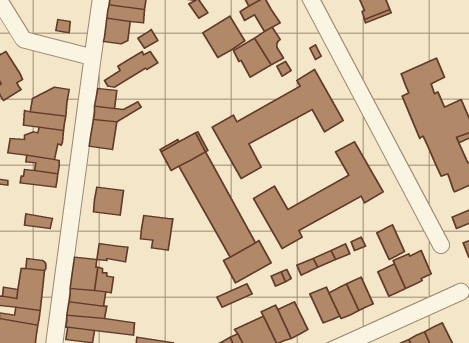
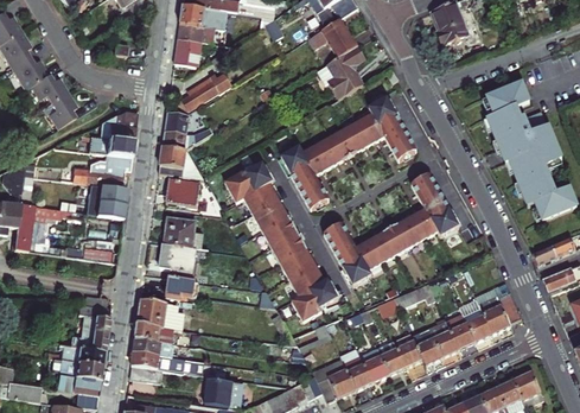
building: [203,16,245,58] -> none
building: none -> [162,183,196,210]
building: [141,216,173,250] -> [154,247,189,284]
building: [377,225,405,259] -> [444,309,473,345]
building: none -> [372,335,403,373]

